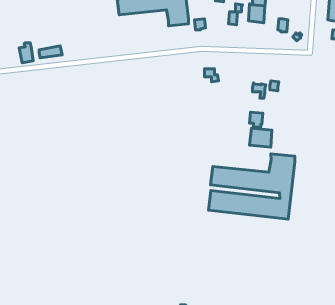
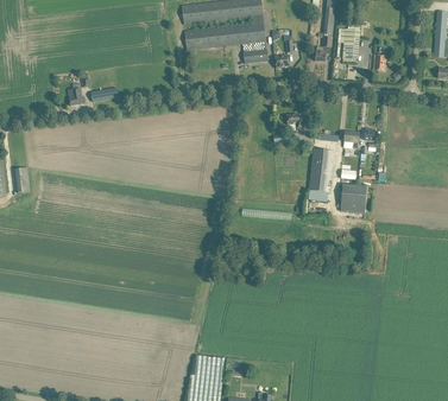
building: none -> [308,148,334,192]
building: [208,154,295,219] -> none

